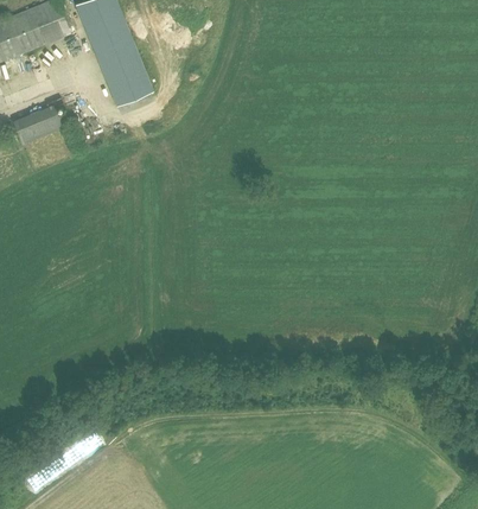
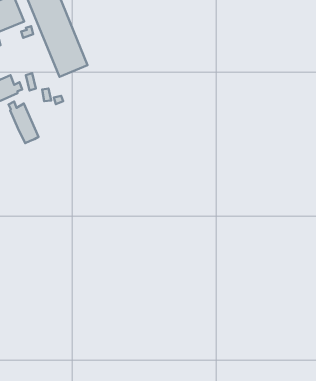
building: none -> [9,102,38,143]

